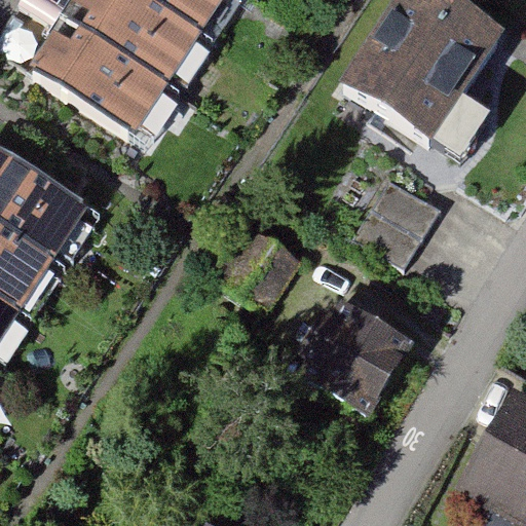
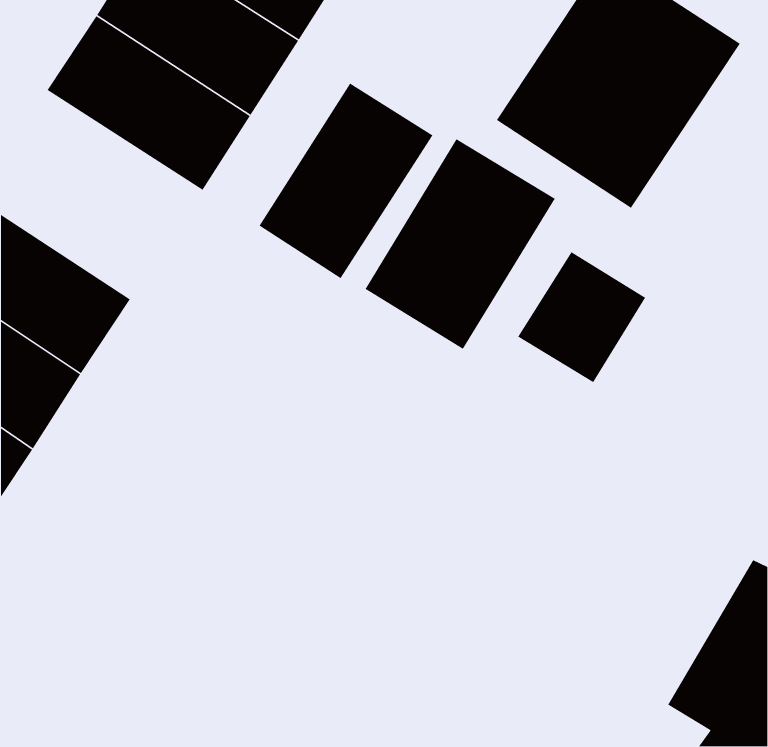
building: none -> [259,83,433,279]
building: none -> [365,138,556,350]
building: [296,298,415,417] -> none

